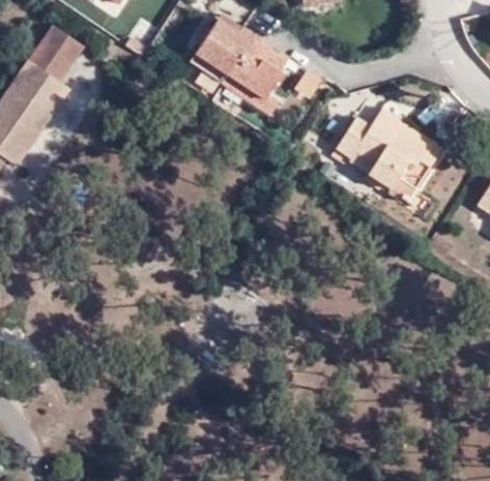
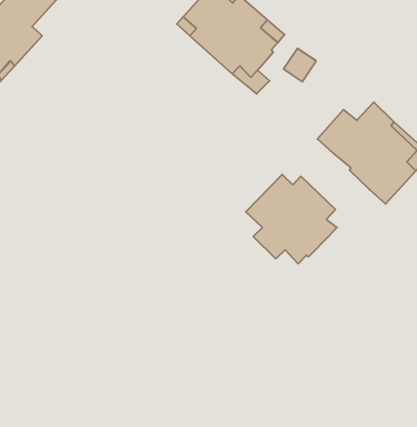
building: none -> [246,174,337,264]

